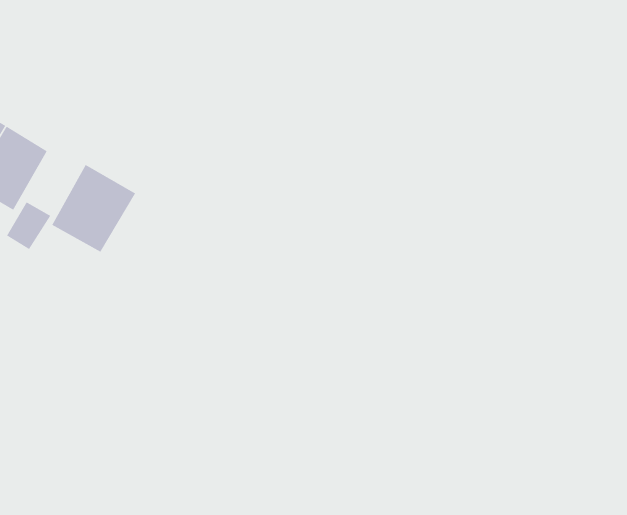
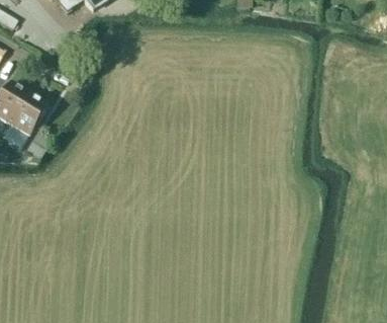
building: [51,164,136,253] -> none

